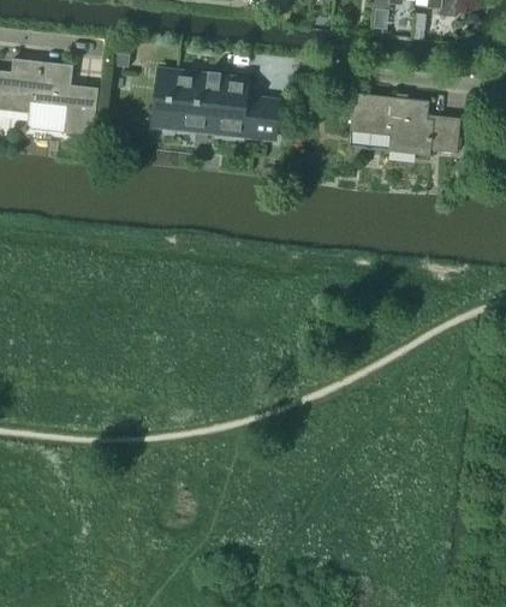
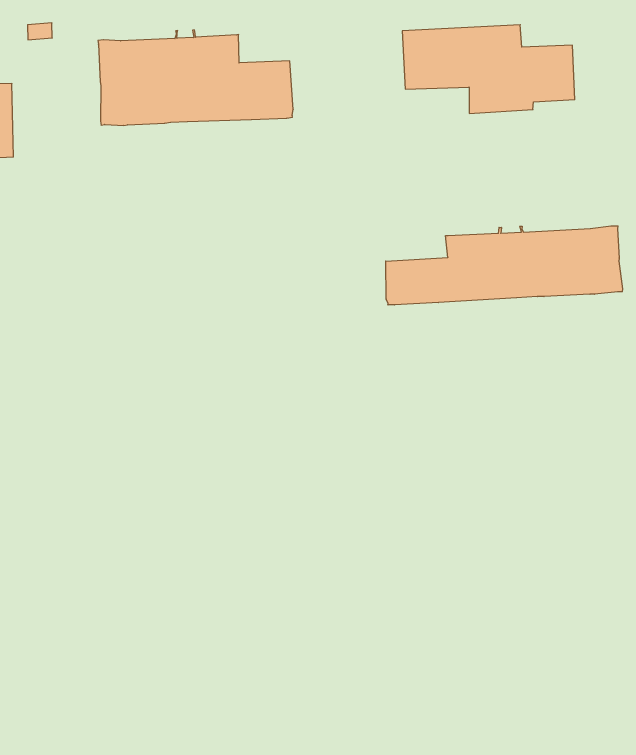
building: none -> [386,226,623,305]

